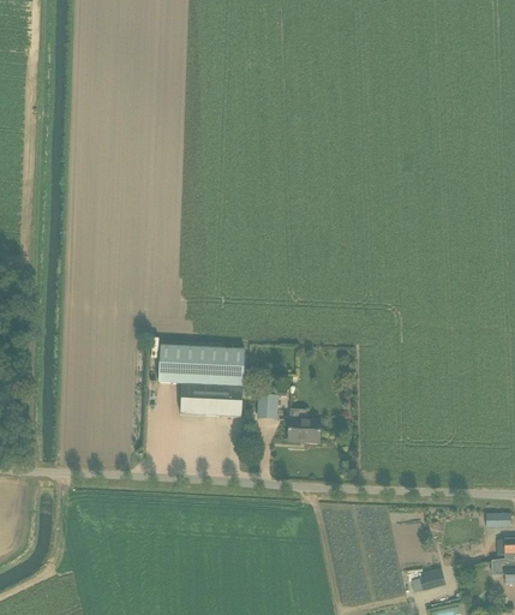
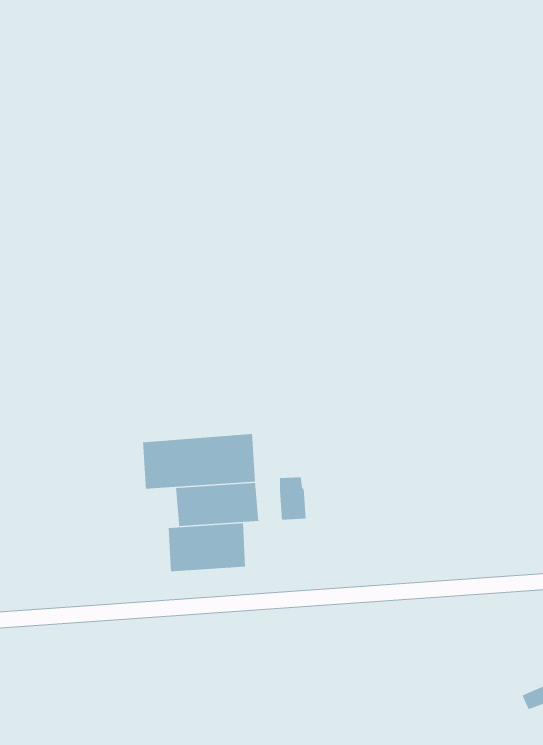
building: [288,408,321,442] -> none
building: none -> [168,523,246,572]

